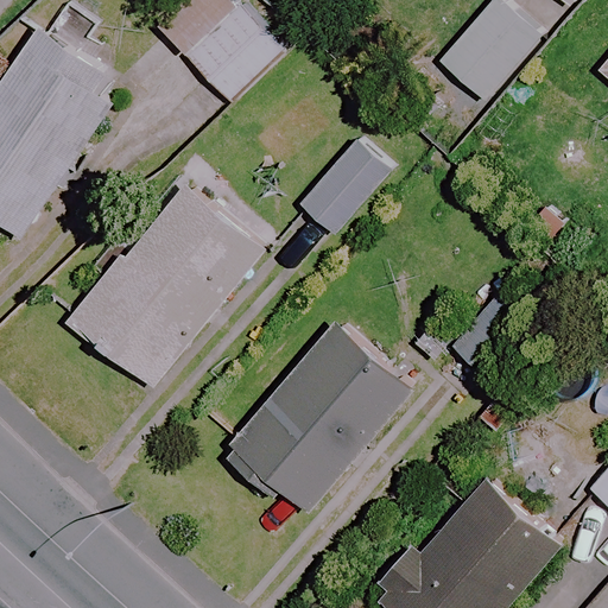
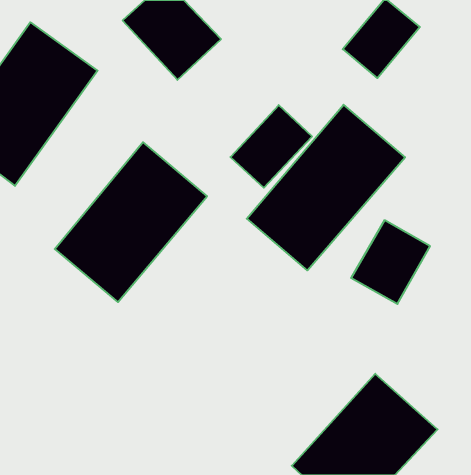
building: none -> [247,105,405,270]
building: [223,324,412,519] -> none

